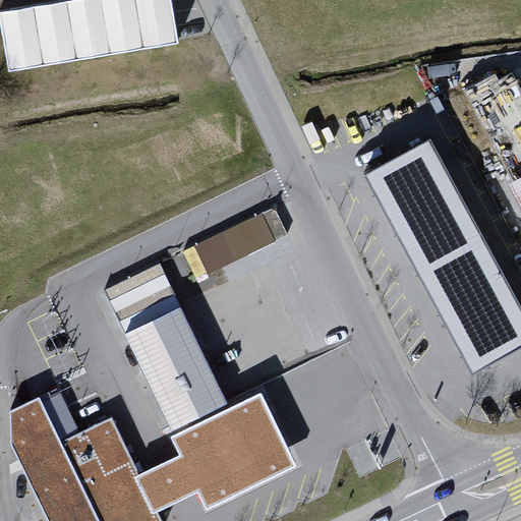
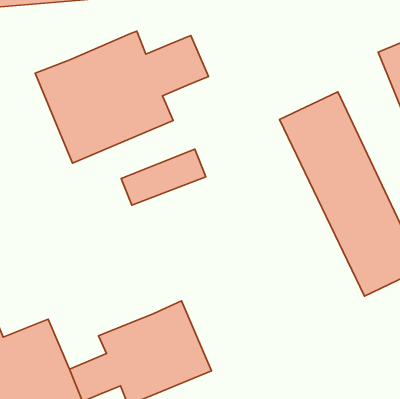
building: none -> [35,31,208,163]
building: [108,264,232,429] -> none

